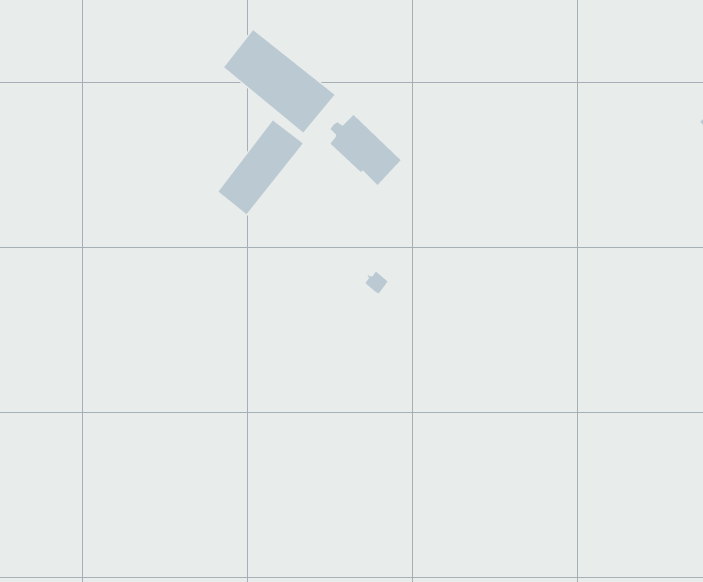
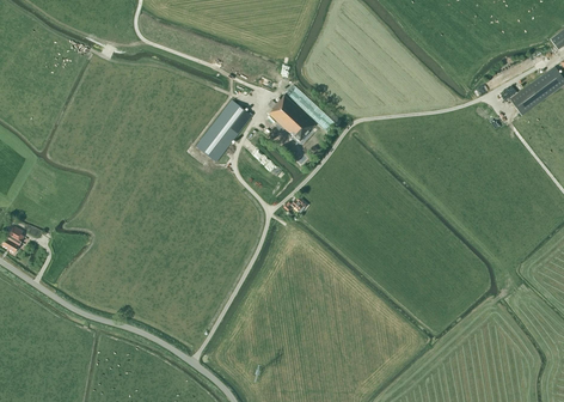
building: [223,29,335,134] -> none

